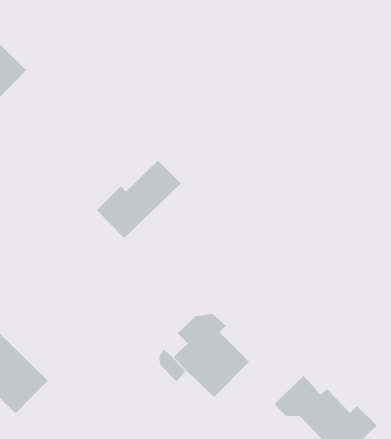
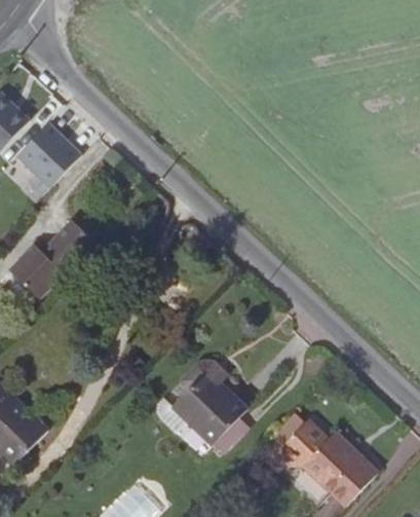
building: none -> [14,124,77,187]
building: [96,160,182,239] -> [12,219,98,298]

